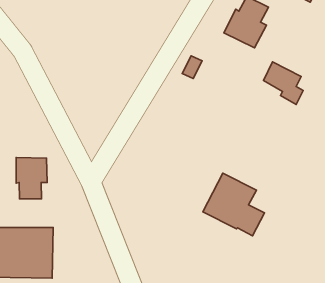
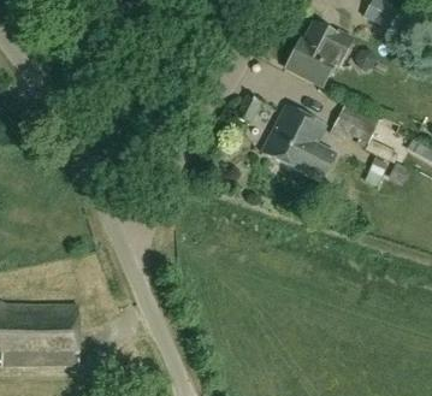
building: [16,158,47,199] -> none
building: [203,173,264,236] -> [260,105,335,181]

